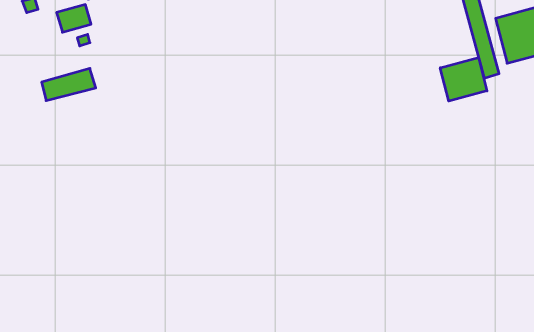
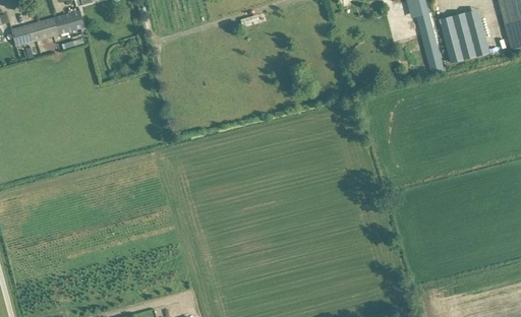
building: [440,58,487,101] -> none
building: [42,68,96,101] -> [11,17,59,46]

